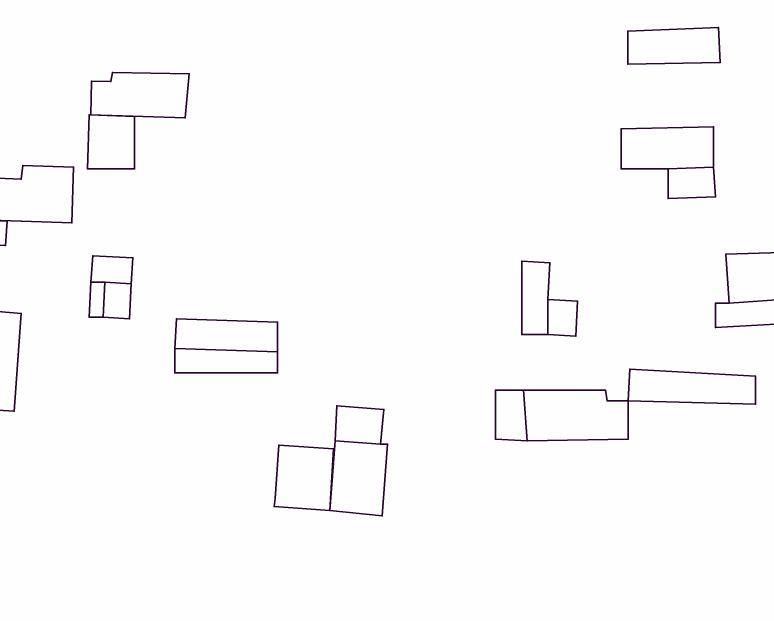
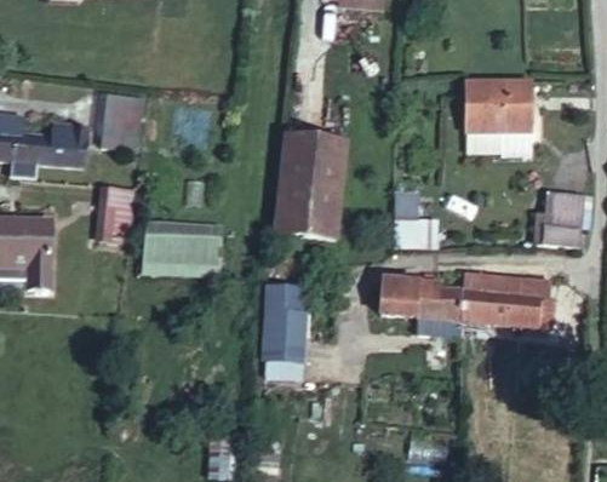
building: [628,28,720,64] -> [466,73,531,98]
building: [91,72,189,118] -> none
building: none -> [275,145,345,249]
building: none -> [471,287,561,321]
building: [274,445,333,511] -> none

